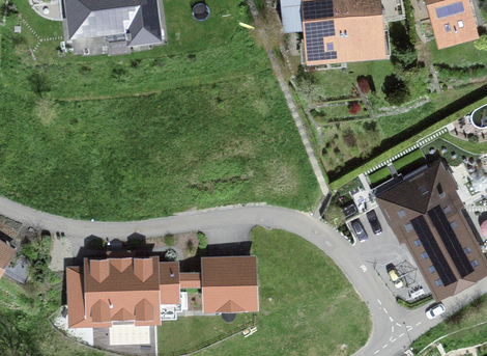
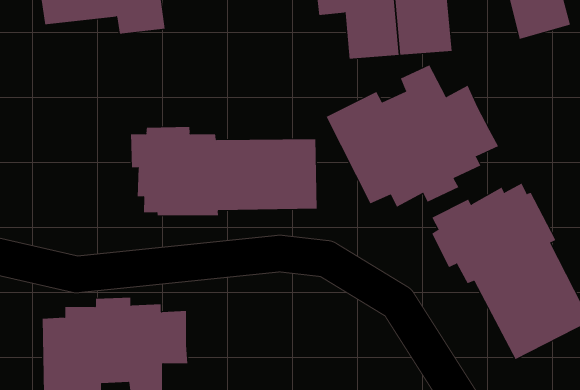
building: none -> [326,65,499,207]
building: none -> [131,126,317,216]
building: [179,255,258,311] -> none

